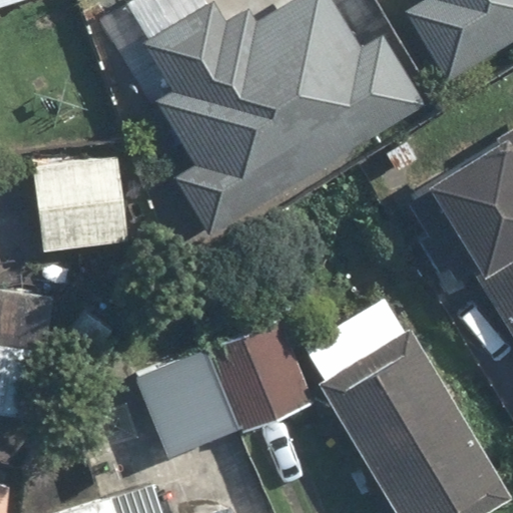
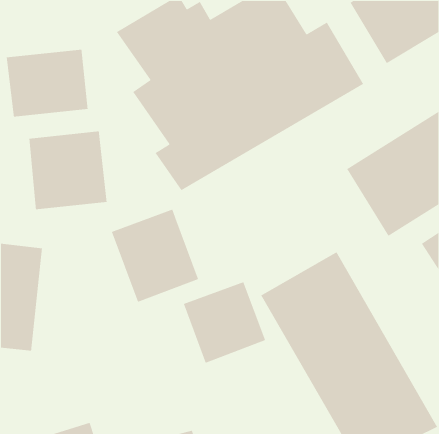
building: none -> [6,49,89,117]
building: [137,349,240,459] -> [111,208,199,303]

